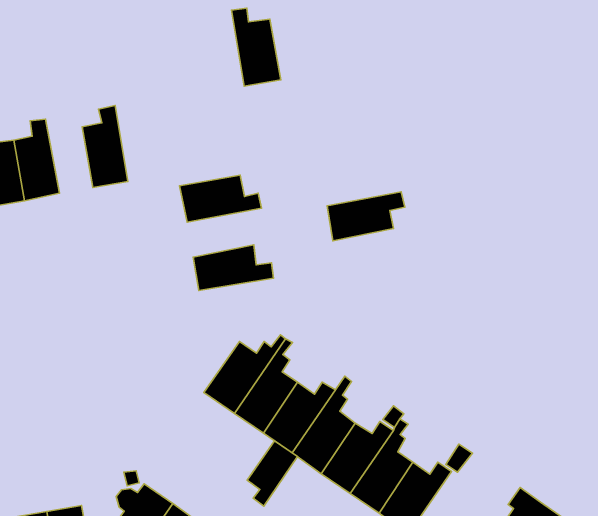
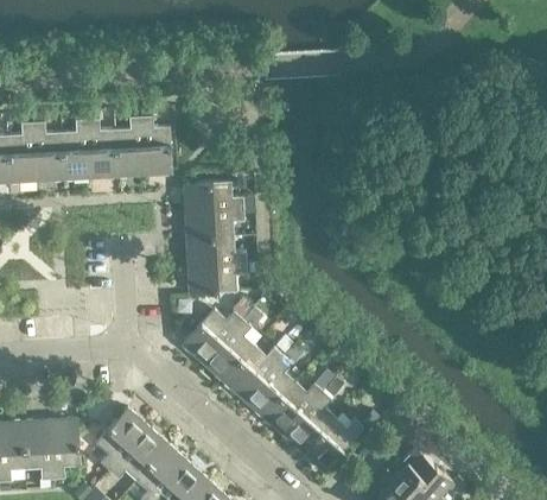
building: [232,8,281,86] -> [142,115,173,175]
building: none -> [88,118,117,177]
building: [327,192,405,241] -> [186,208,246,239]
building: none -> [189,262,248,293]
building: [247,441,297,506] -> none

